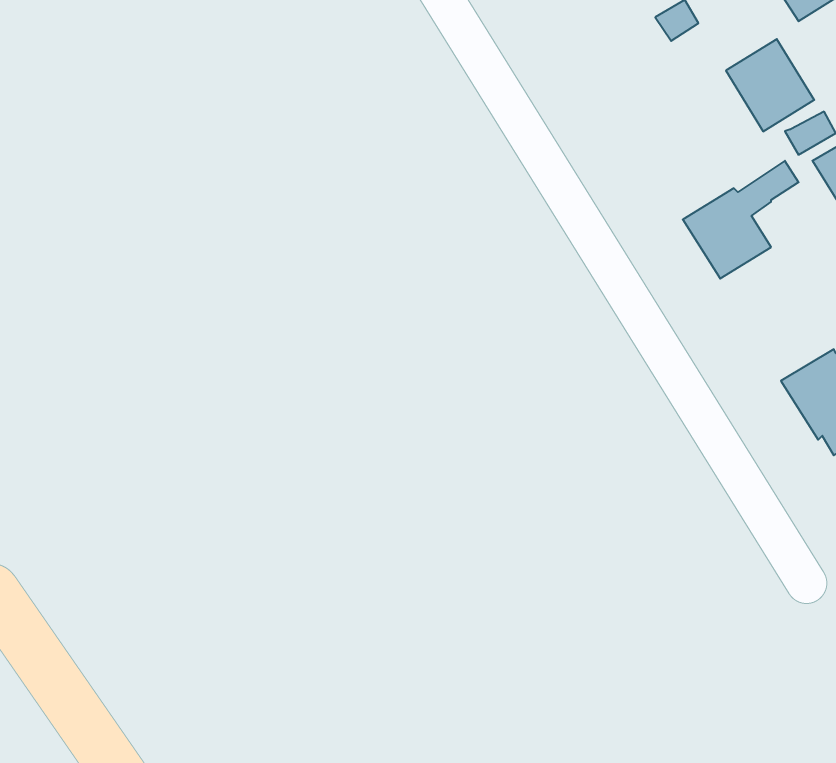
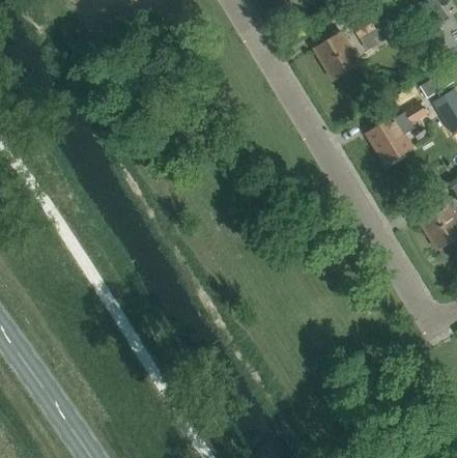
building: [726,39,814,131] -> [314,31,361,80]

